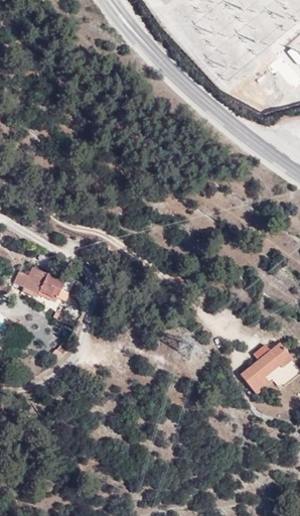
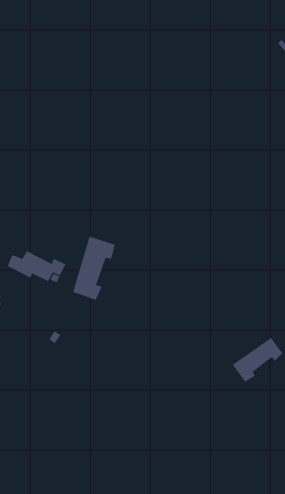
building: none -> [72,236,115,300]

